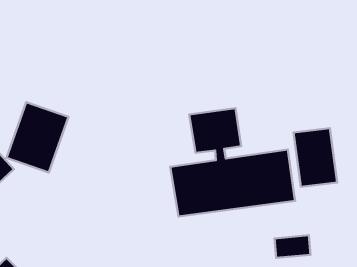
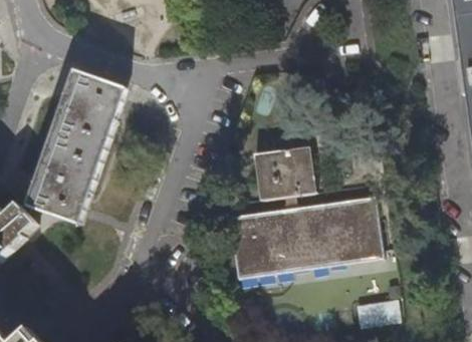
building: none -> [50,69,126,154]
building: [293,128,337,187] -> none

